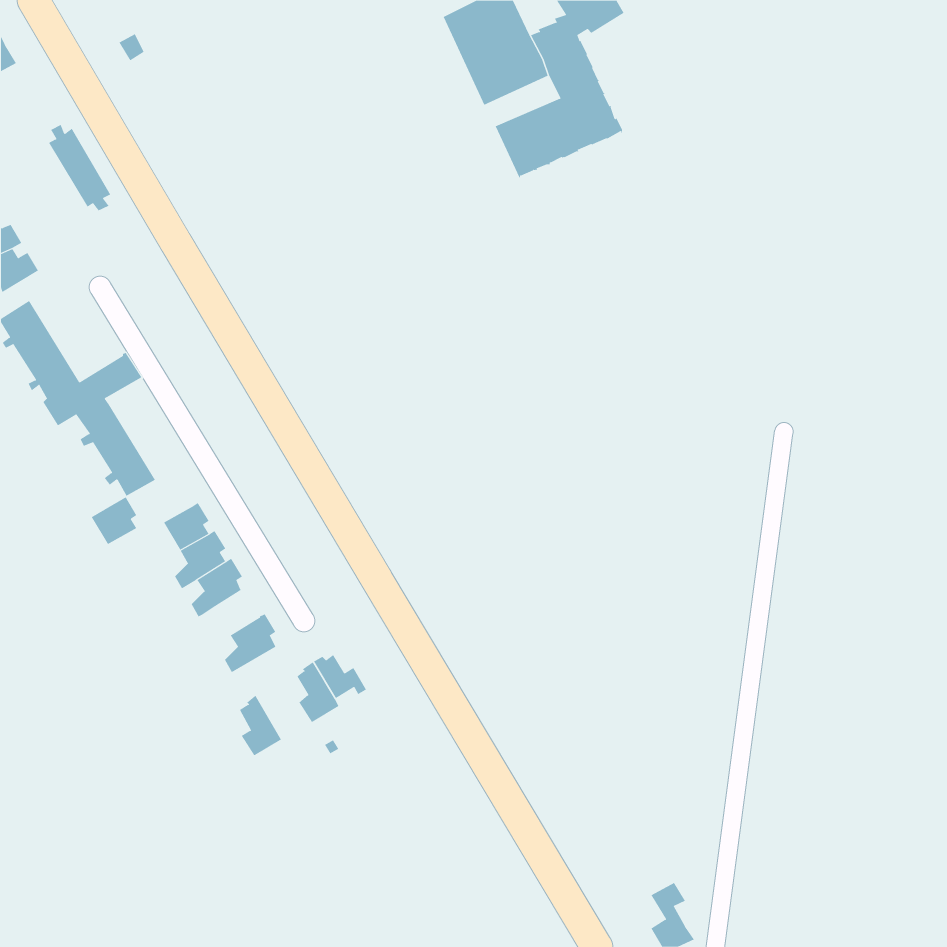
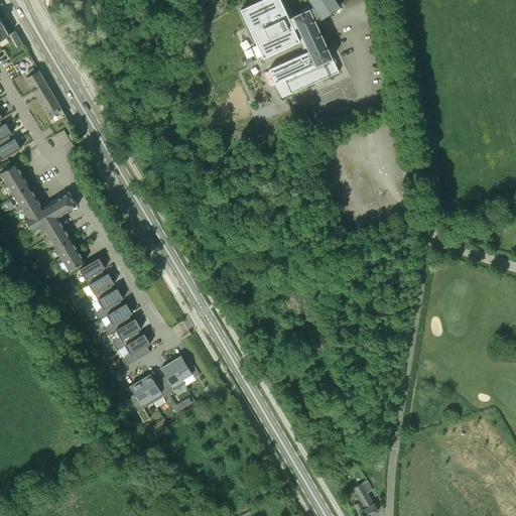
building: [91,497,137,545] -> [80,258,105,284]
building: none -> [110,318,141,351]
building: none -> [139,374,169,402]

